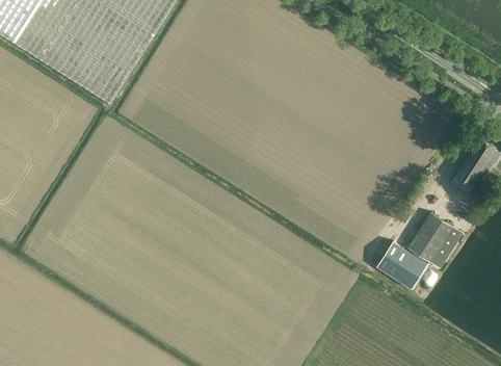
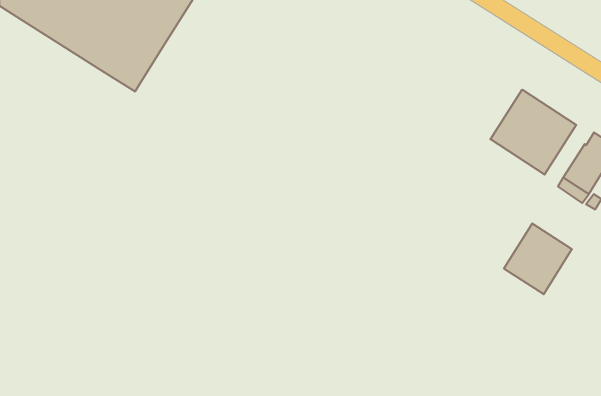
building: none -> [490,90,576,175]
building: [377,240,428,288] -> none

